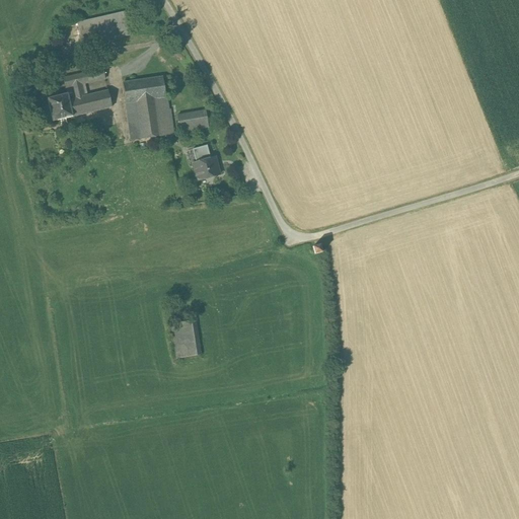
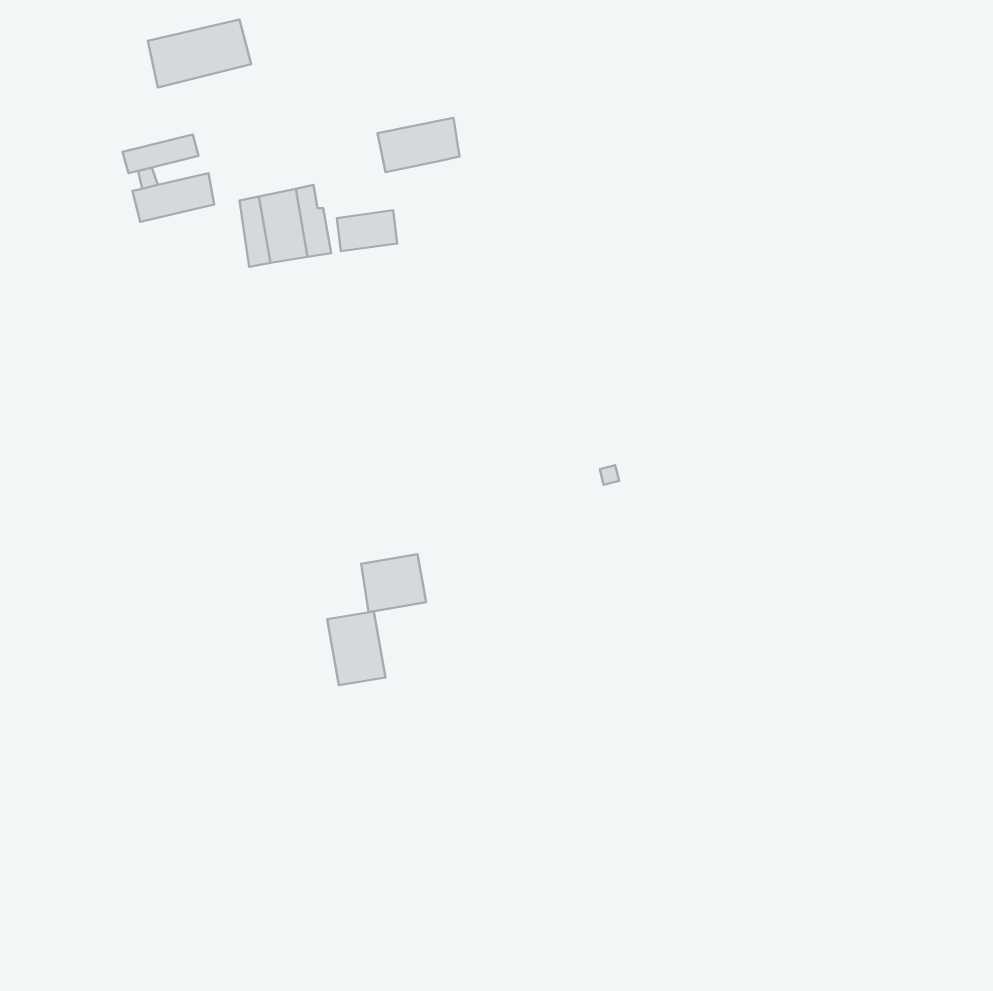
building: [122,76,164,104] -> [378,118,459,172]
building: [50,94,74,121] -> none
building: [194,156,220,178] -> none
building: none -> [361,554,426,612]

